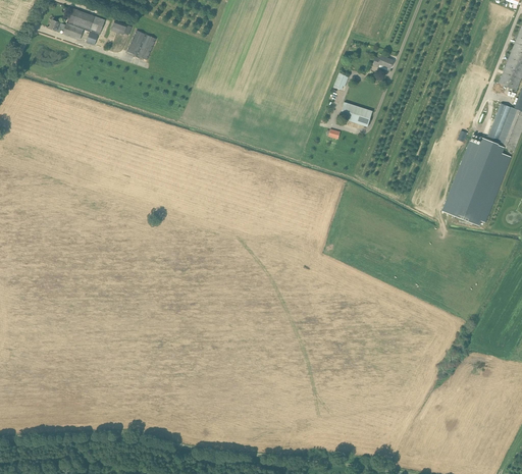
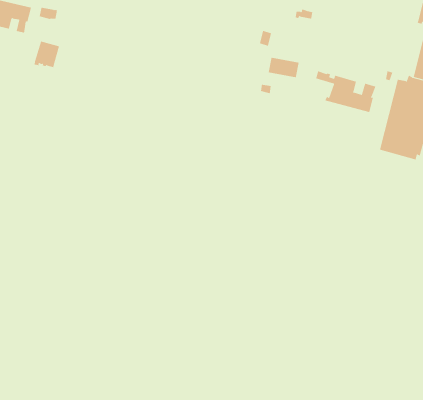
building: [126,30,156,59] -> [33,41,60,68]
building: none -> [316,71,376,113]

